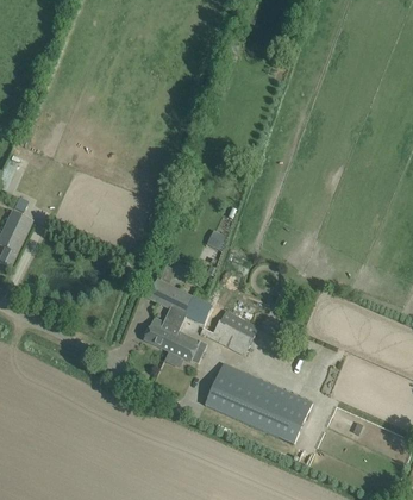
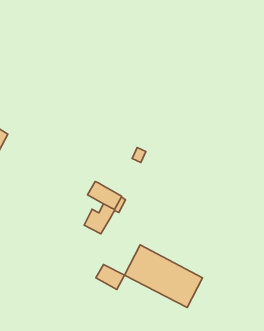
building: [211,310,258,352] -> none
building: [169,330,208,363] -> [96,264,125,289]

